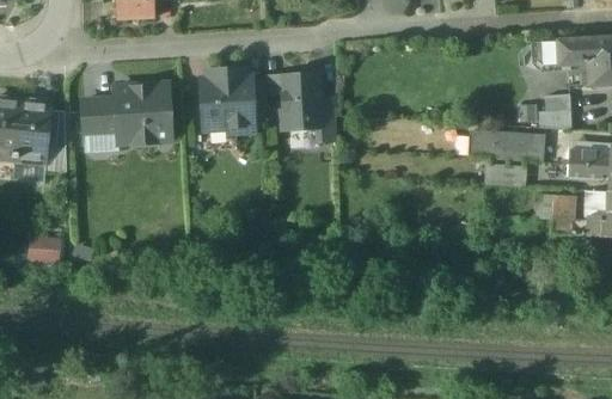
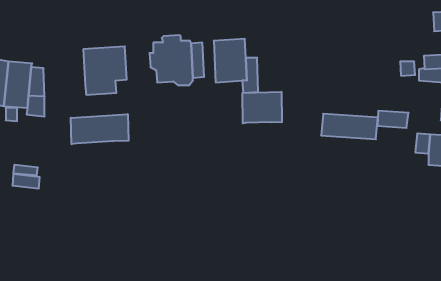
building: [82,99,117,134] -> none
building: [472,130,544,162] -> [321,114,378,139]
building: none -> [242,92,282,123]
building: none -> [71,114,129,144]

